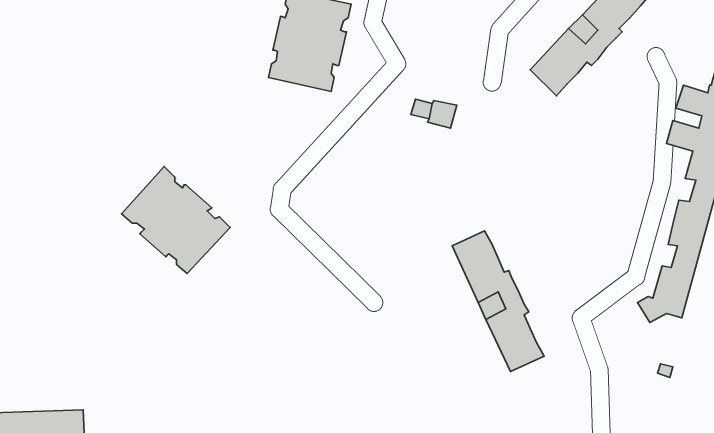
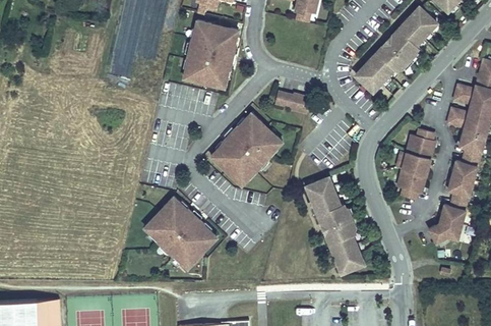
building: none -> [210,112,282,184]
building: none -> [397,128,436,199]
building: [121,166,230,274] -> [144,196,217,267]

